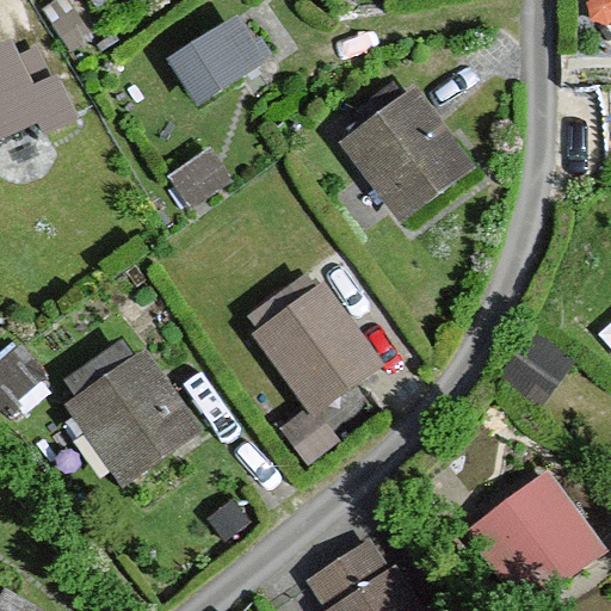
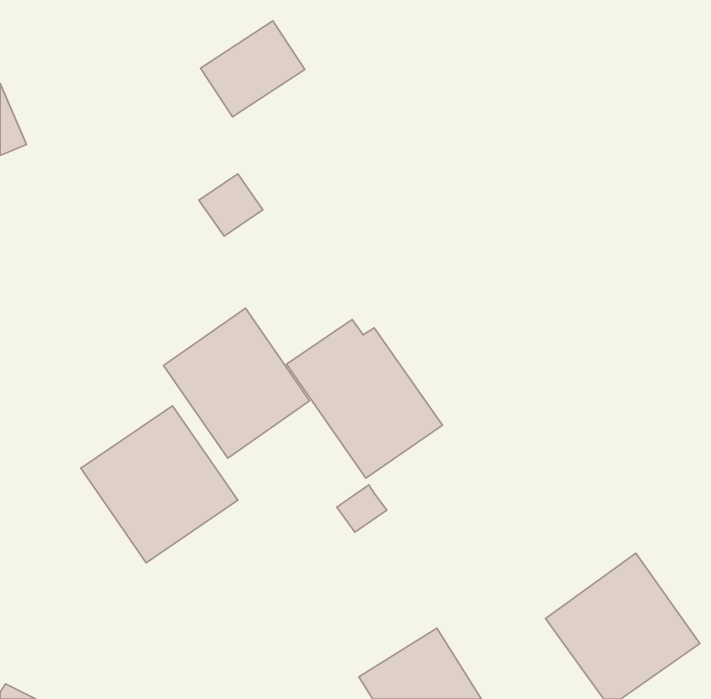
building: [325,92,462,230] -> none
building: none -> [164,308,310,458]

